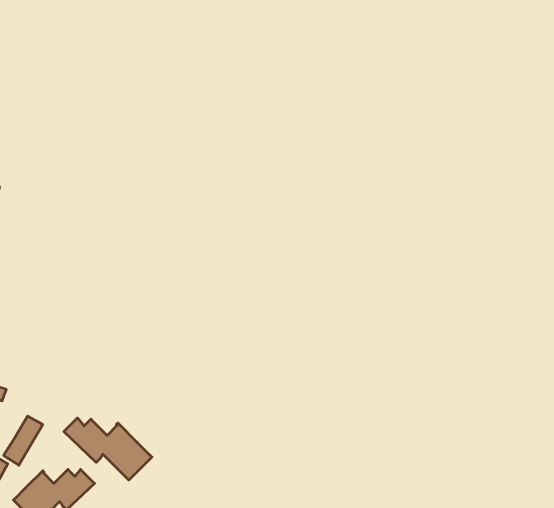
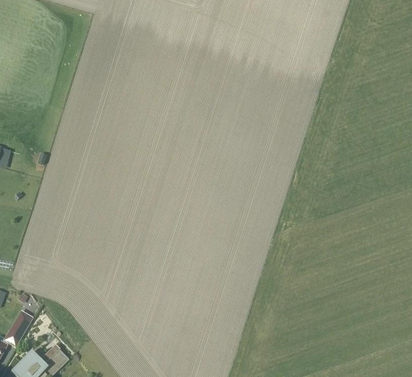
building: [64,418,152,480] -> none

